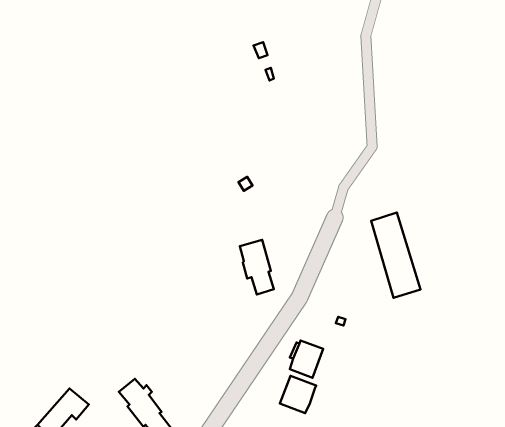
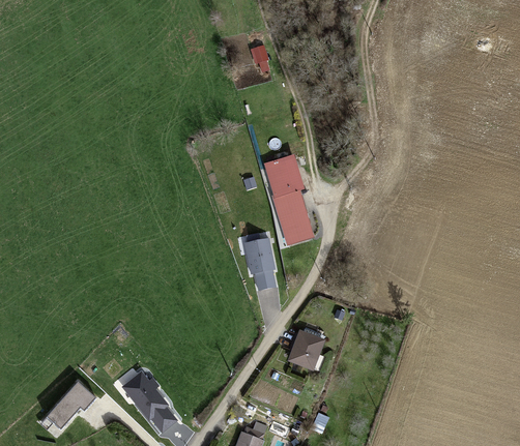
building: [371,212,420,298] -> [267,158,315,241]
building: [280,376,316,413] -> none

